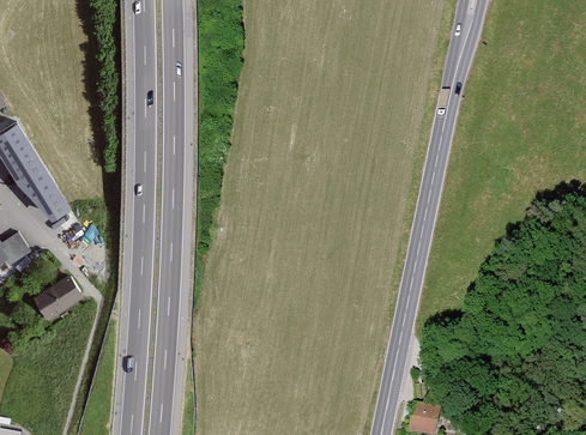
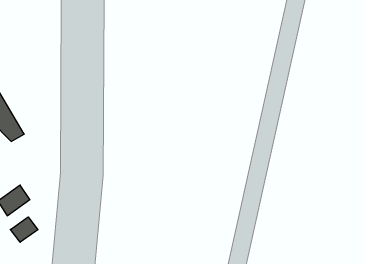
building: none -> [10,217,38,242]

